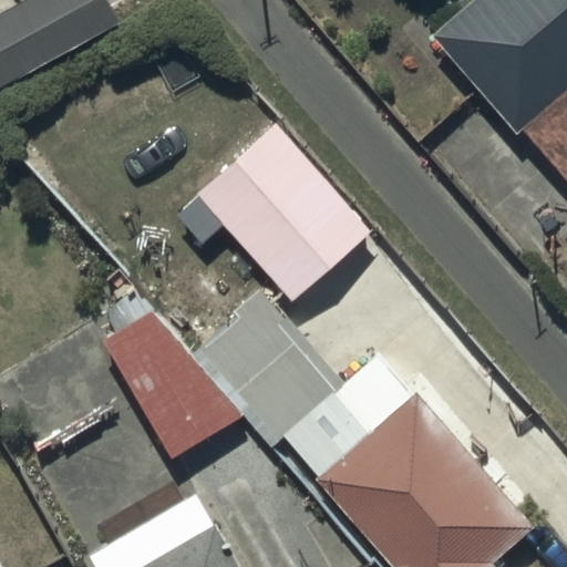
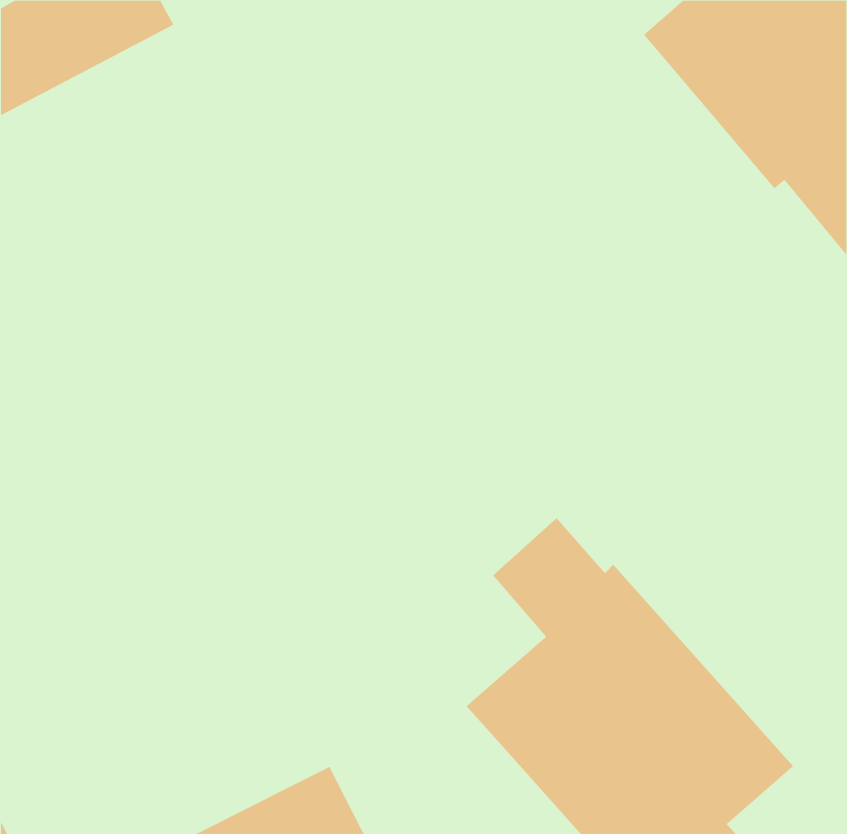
building: [192,122,365,297] -> none
building: [103,309,240,454] -> none

